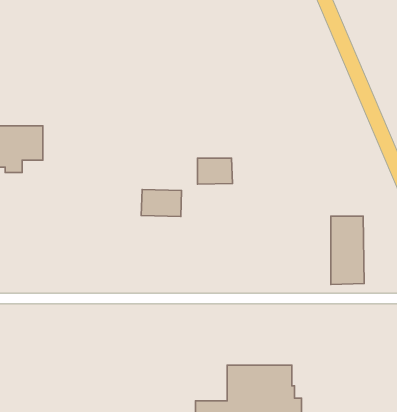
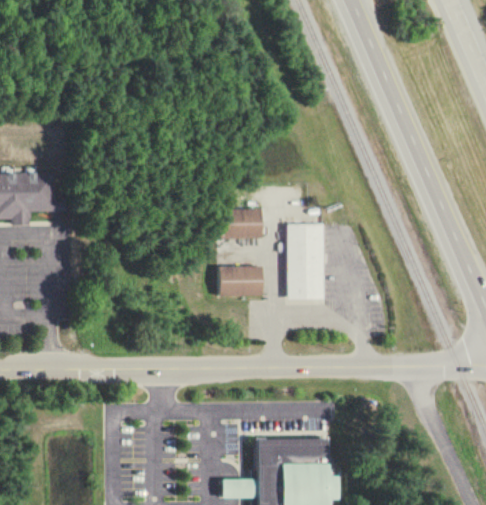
building: [141,190,182,217] -> [219,266,264,296]
building: [331,216,364,284] -> [287,224,324,300]

